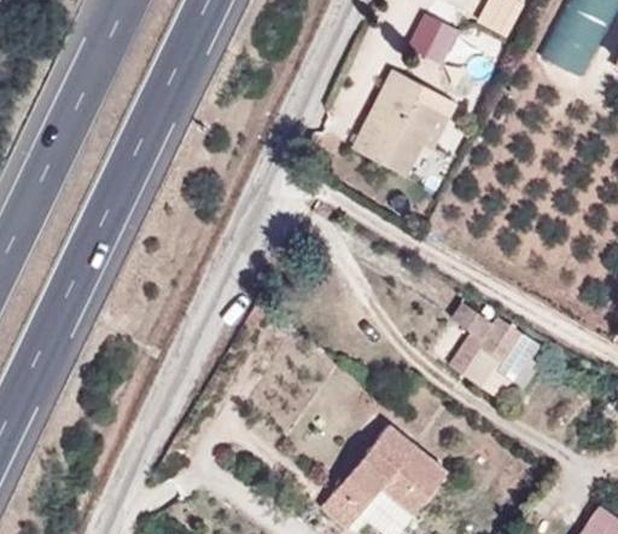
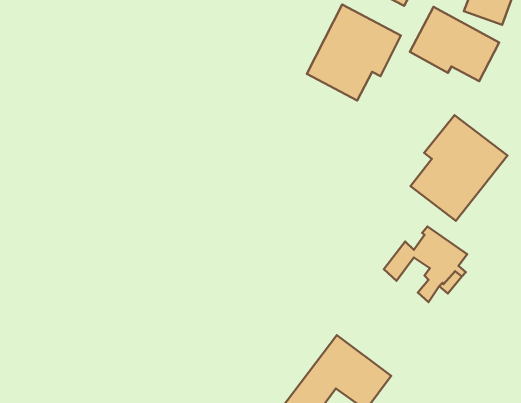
building: none -> [410,7,499,81]
building: none -> [410,115,507,221]

